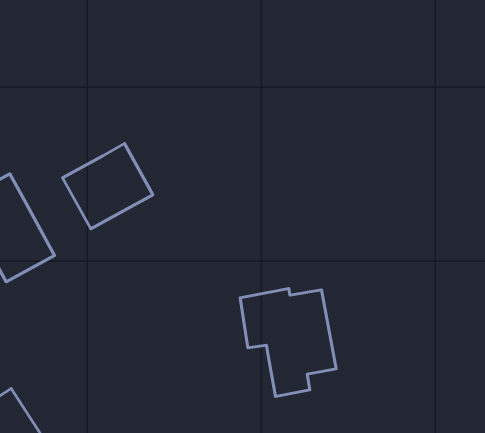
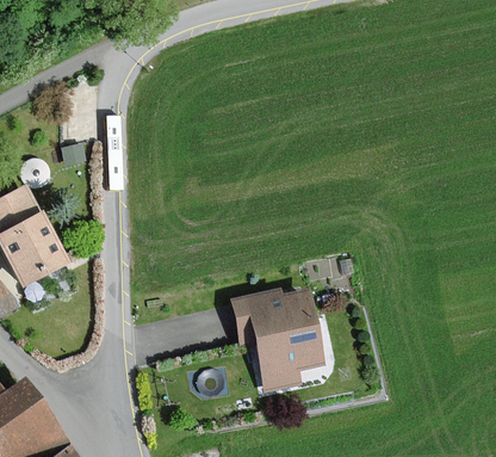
building: [63,144,153,229] -> none

